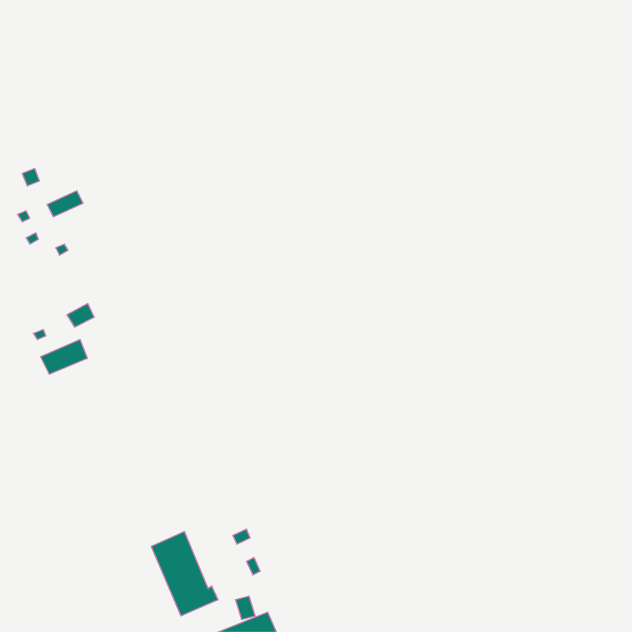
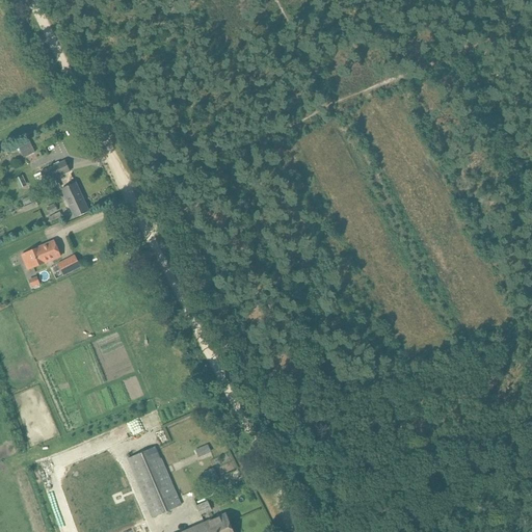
building: none -> [60,182,88,217]
building: [41,340,88,374] -> [20,240,59,269]

